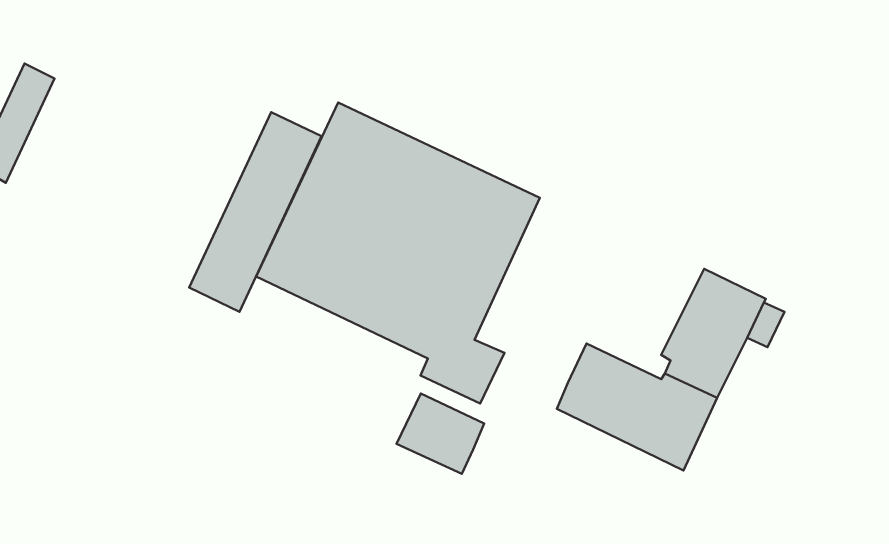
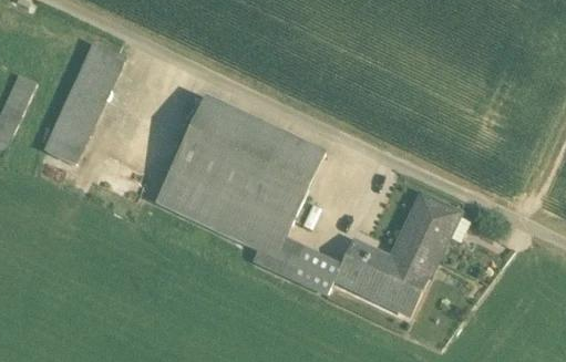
building: [189,112,322,312] -> [44,44,123,163]
building: [397,394,484,474] -> [288,246,340,293]

